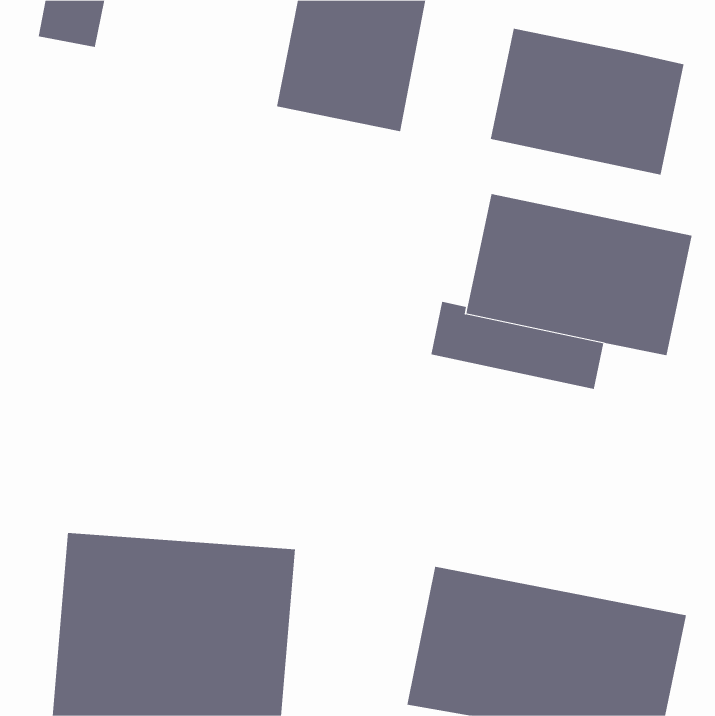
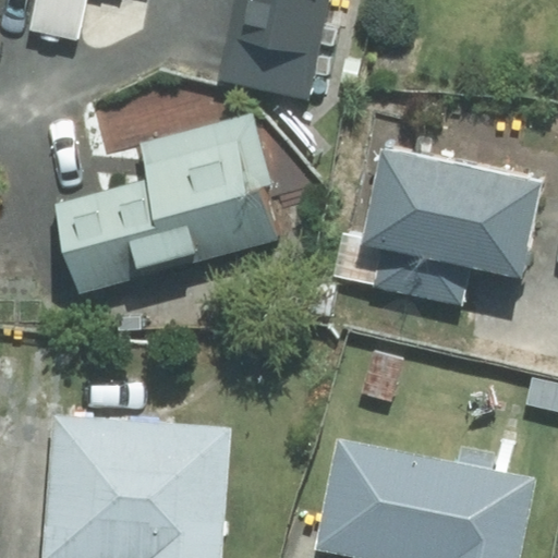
building: [490,28,684,176] -> none
building: none -> [59,110,272,292]

